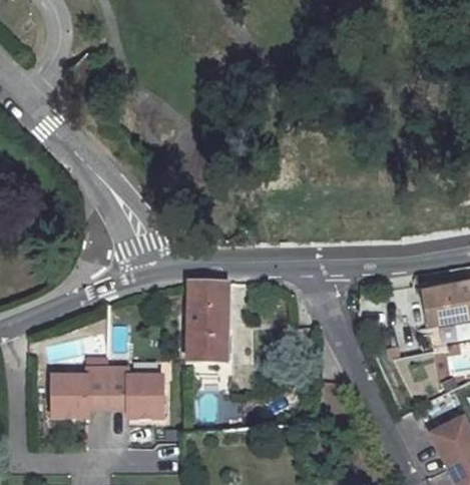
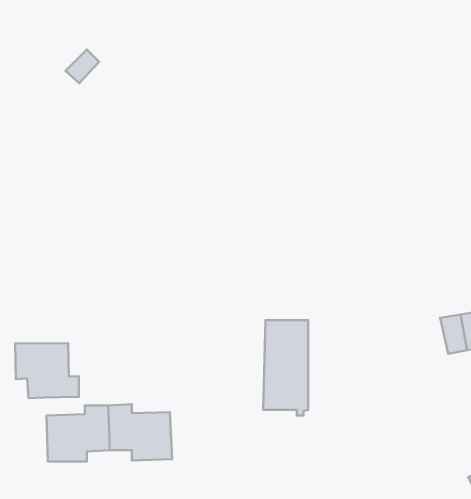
building: [187,280,227,365] -> [263,320,308,416]
building: none -> [15,343,79,398]

